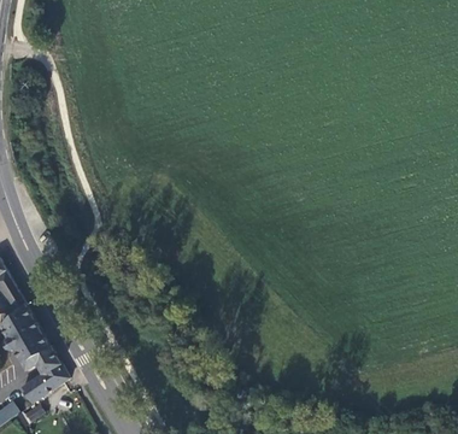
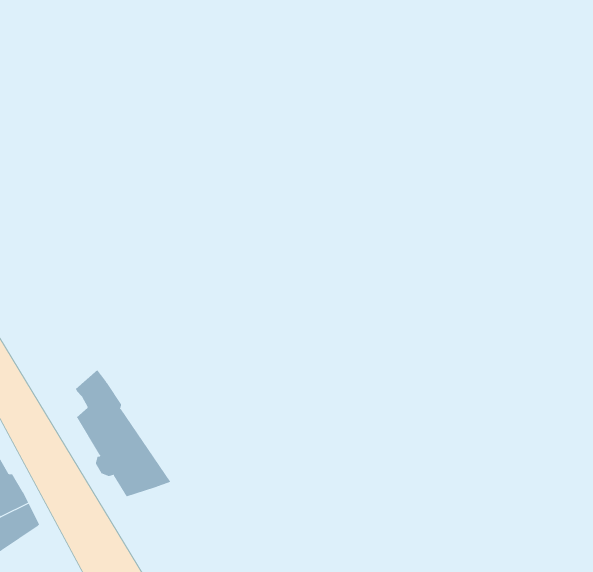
building: none -> [75,369,171,497]

